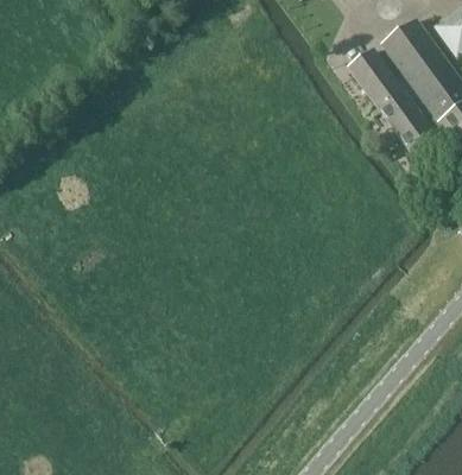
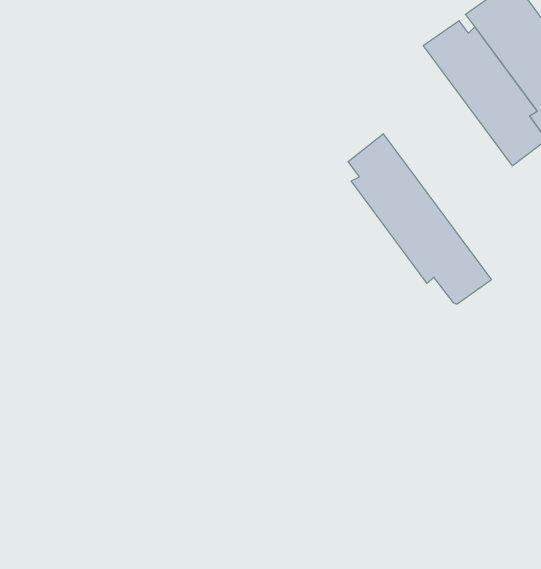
building: none -> [348,134,491,304]

